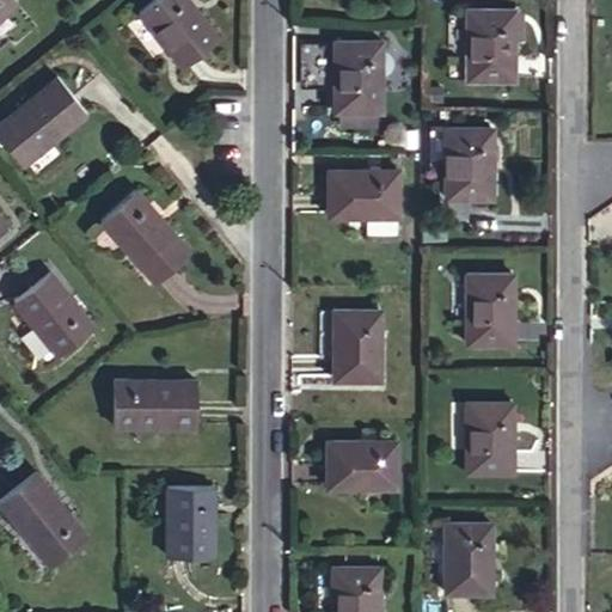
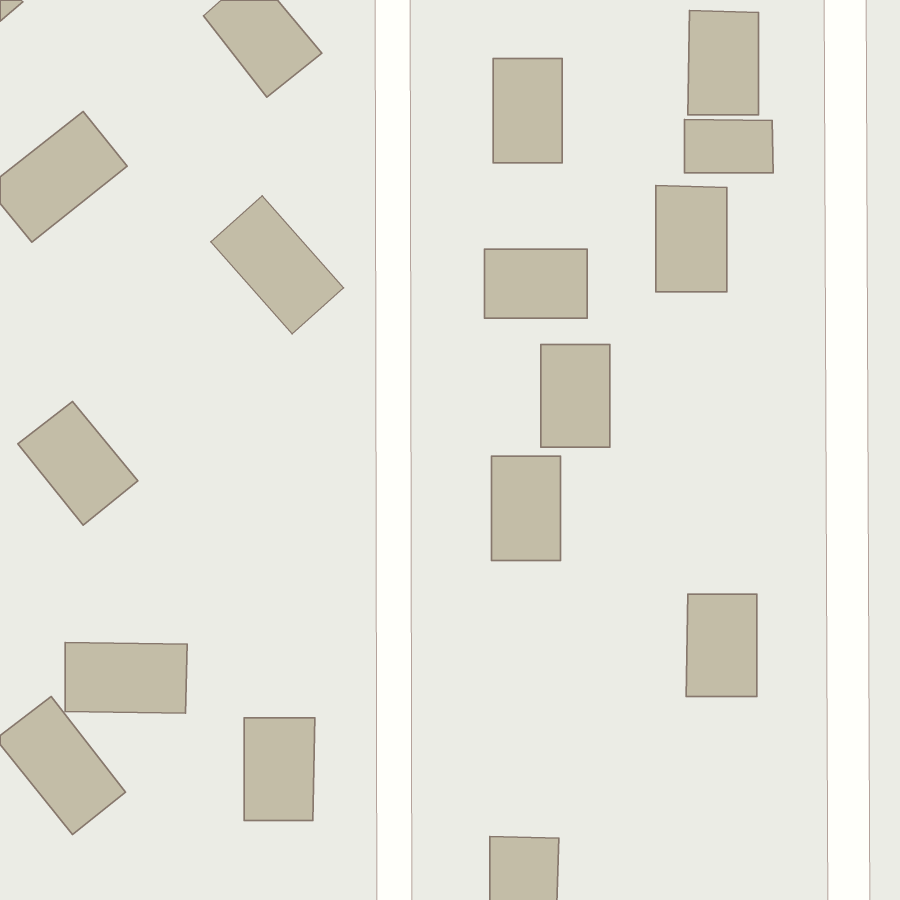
building: none -> [685,120,773,173]
building: [102,190,191,283] -> [211,196,343,334]
building: [467,275,514,344] -> [541,345,610,447]
building: [115,380,197,428] -> [65,642,187,713]
building: [328,441,398,489] -> none
building: [446,524,492,593] -> none

